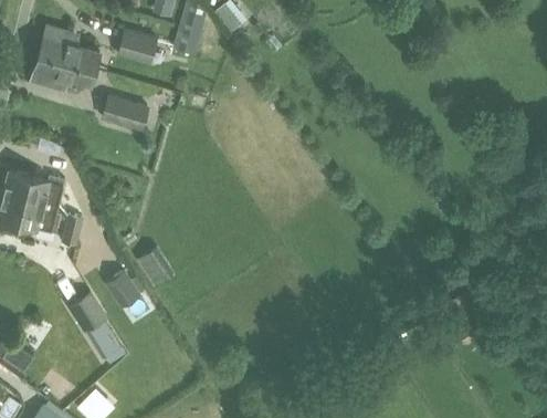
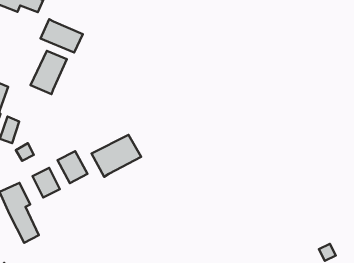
building: none -> [31,51,67,94]
building: none -> [91,135,141,177]

